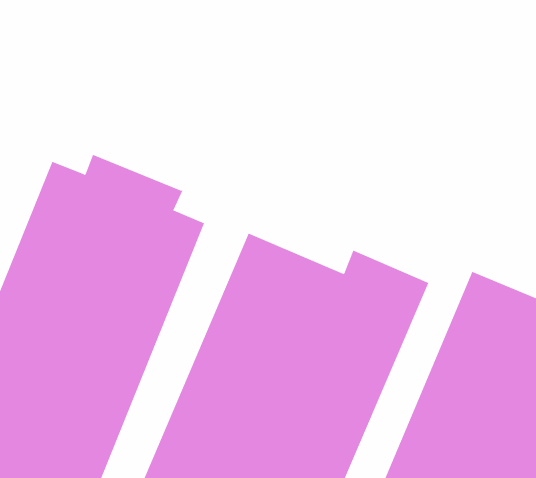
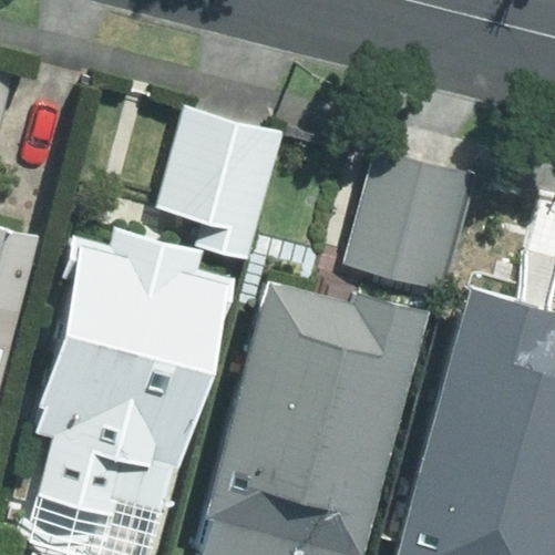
building: none -> [152,105,284,263]
building: none -> [343,153,475,297]

